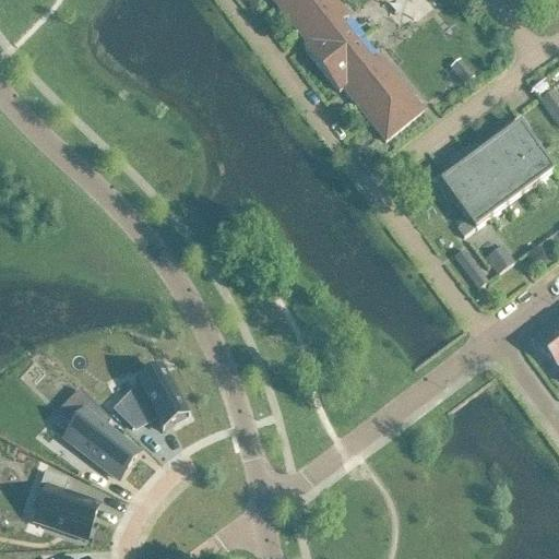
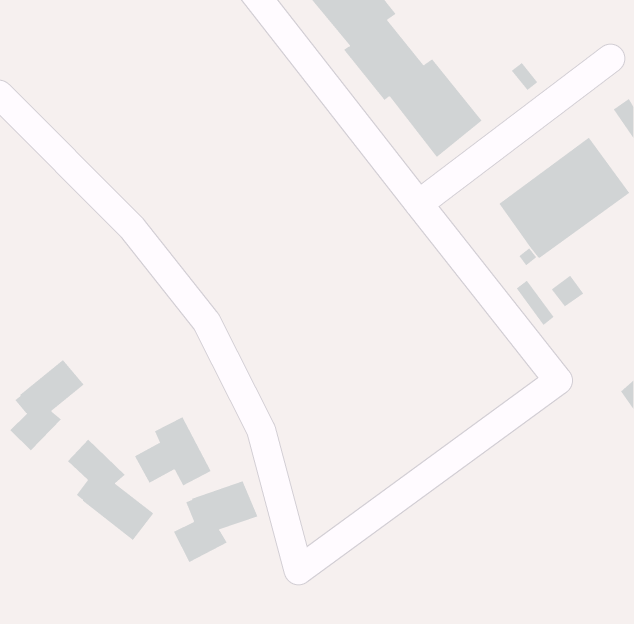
building: none -> [10,359,85,451]
building: none -> [173,480,258,563]
building: [34,467,97,536] -> none

